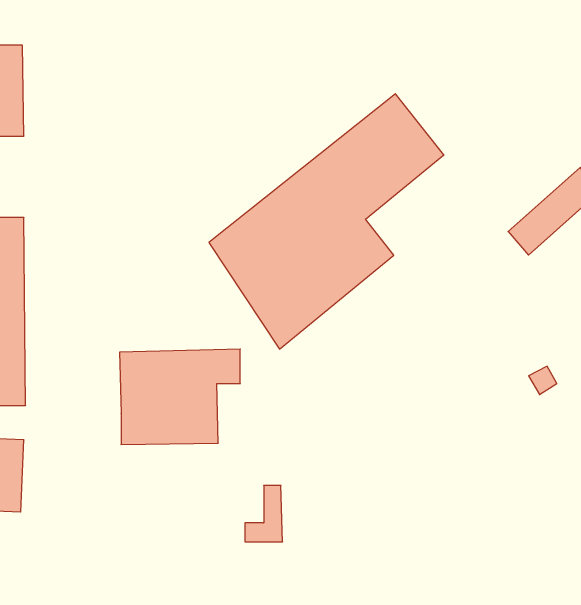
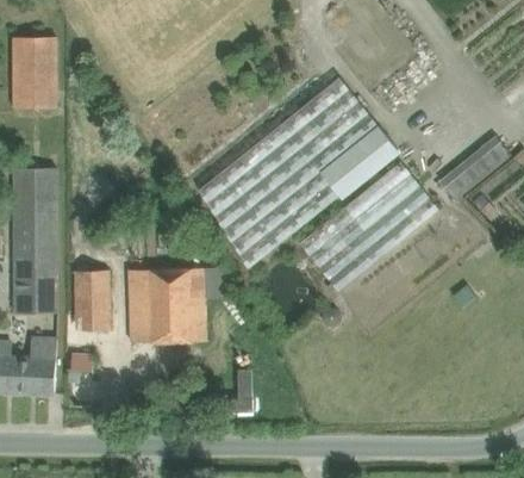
building: none -> [318,122,401,201]
building: none -> [300,163,439,292]
building: none -> [76,273,110,329]

